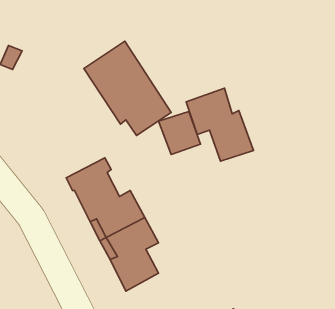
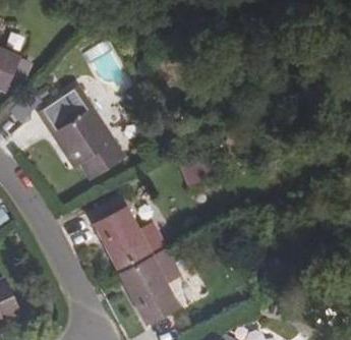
building: [84,41,171,136] -> [33,78,117,170]
building: [186,88,253,161] -> none

